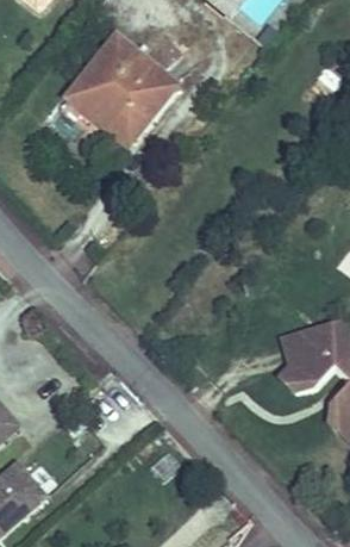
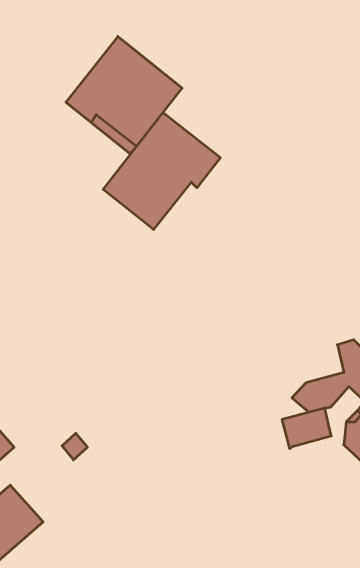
building: none -> [103,112,220,230]
building: [282,328,329,366] -> [282,408,331,449]

